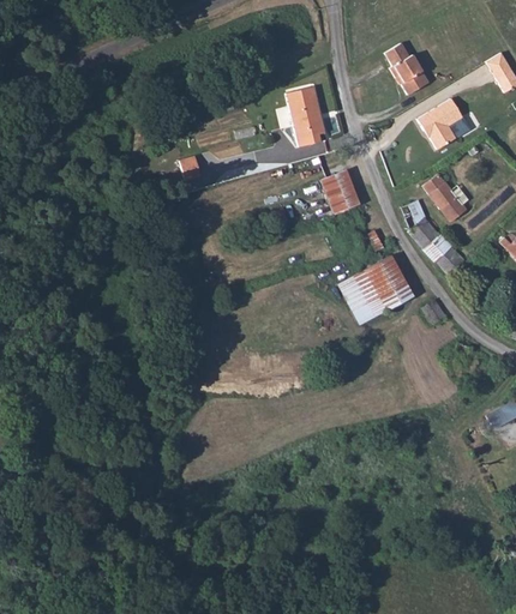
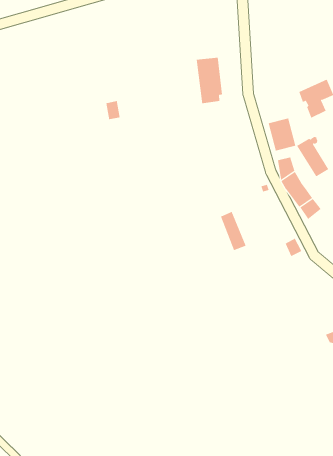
building: [384,43,428,95] -> none
building: [320,170,359,213] -> [268,118,296,151]
building: [353,255,413,317] -> none

